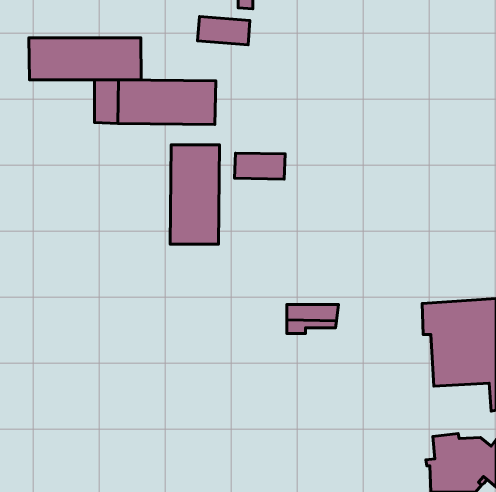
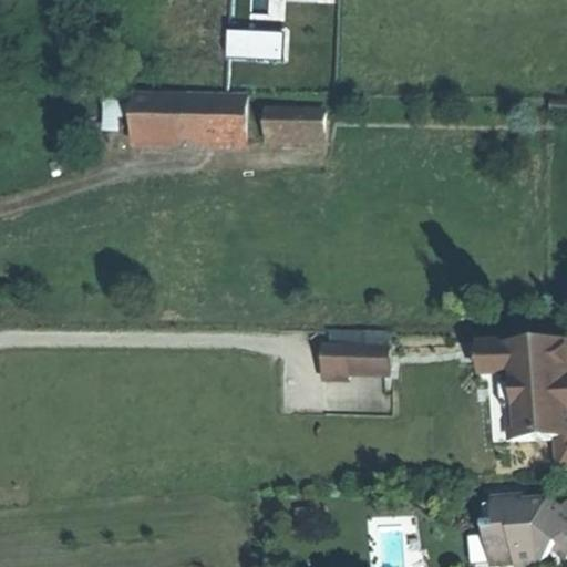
building: [29,38,141,80] -> none
building: [170,145,219,244] -> none
building: [235,153,285,179] -> [267,105,324,135]

